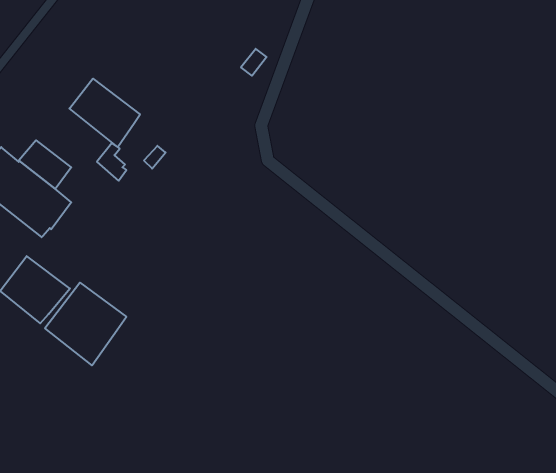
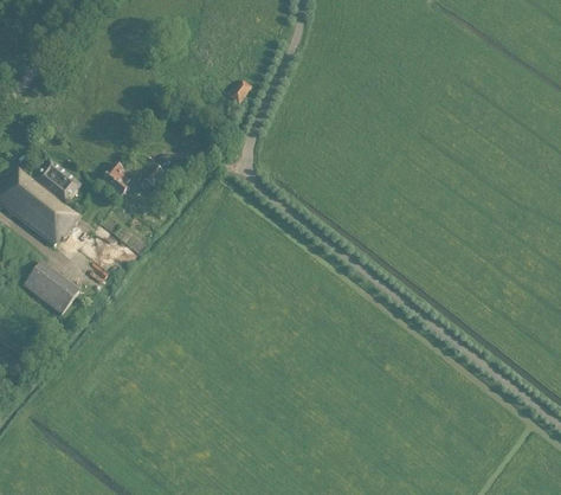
building: [69,79,140,147] -> none
building: [45,283,126,365] -> none

